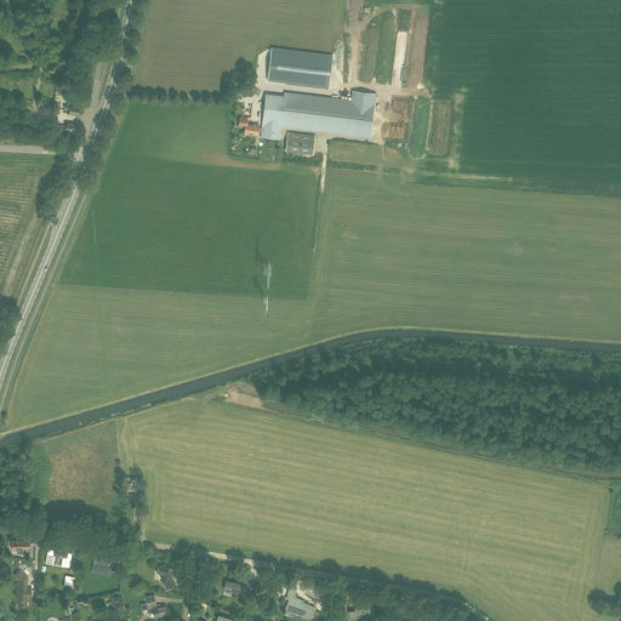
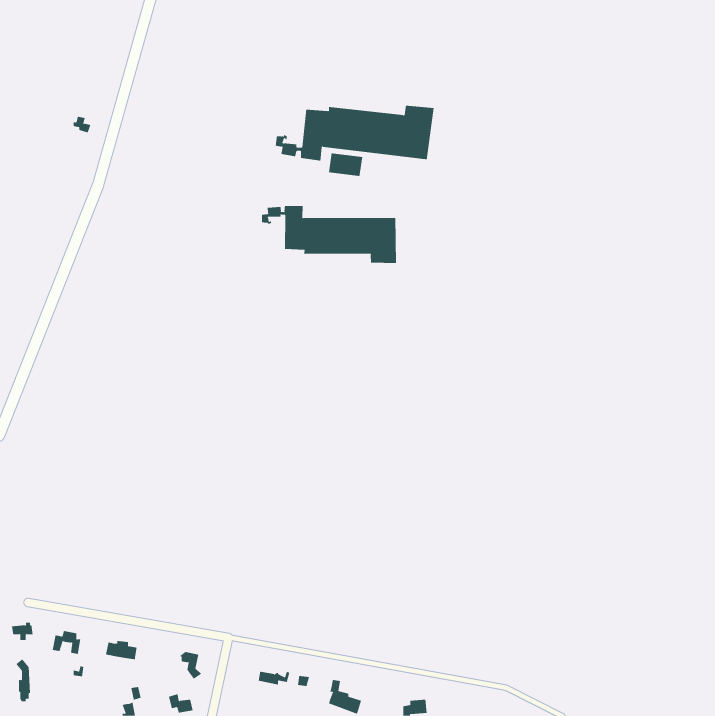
building: [268,47,331,89] -> none
building: none -> [261,205,396,264]

